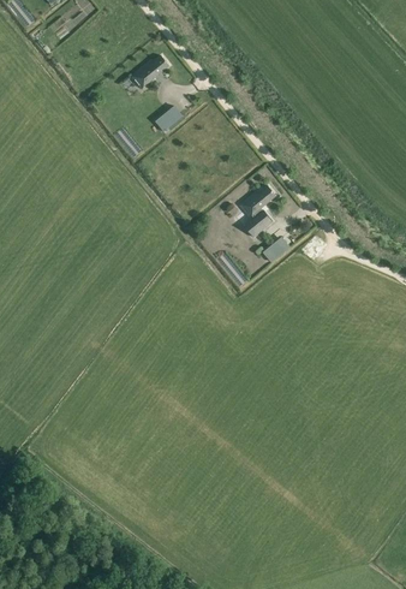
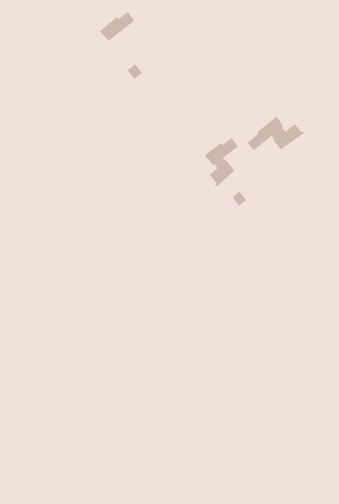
building: none -> [247,116,305,151]

